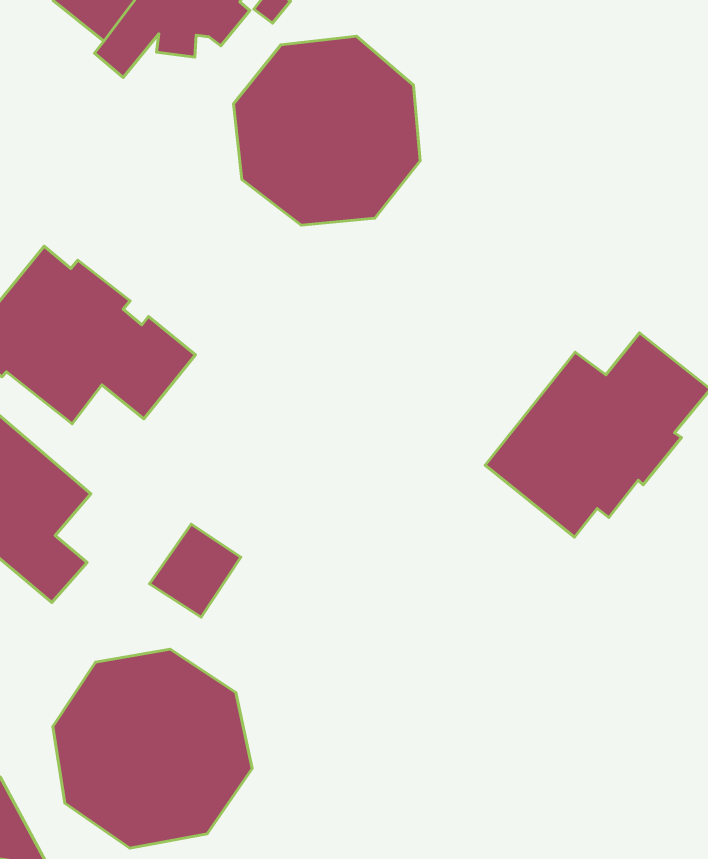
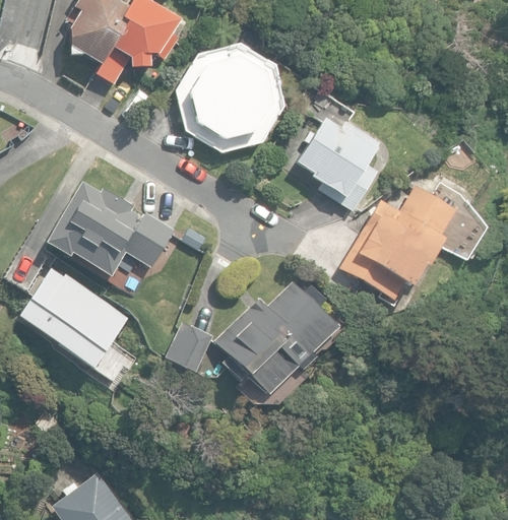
building: none -> [295,121,380,212]
building: none -> [215,282,336,396]
building: [53,649,252,848] -> none

